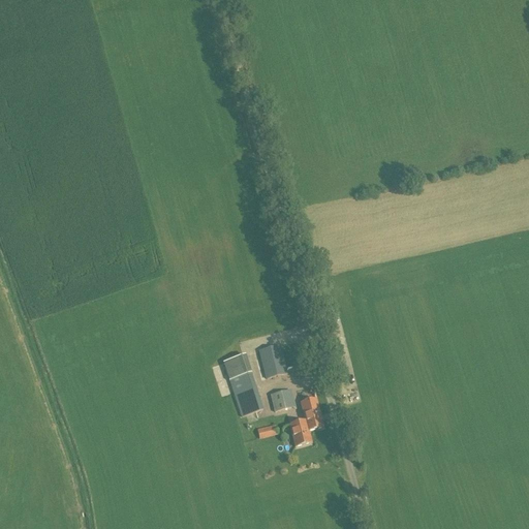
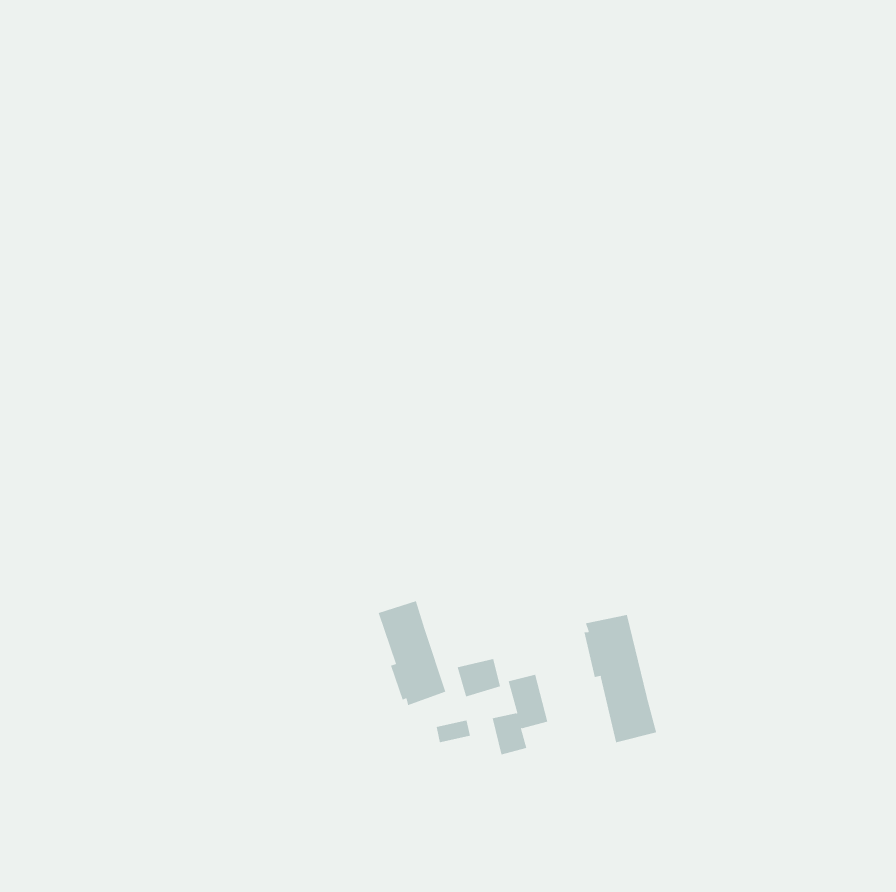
building: [257,343,286,377] -> none
building: none -> [584,614,657,743]

